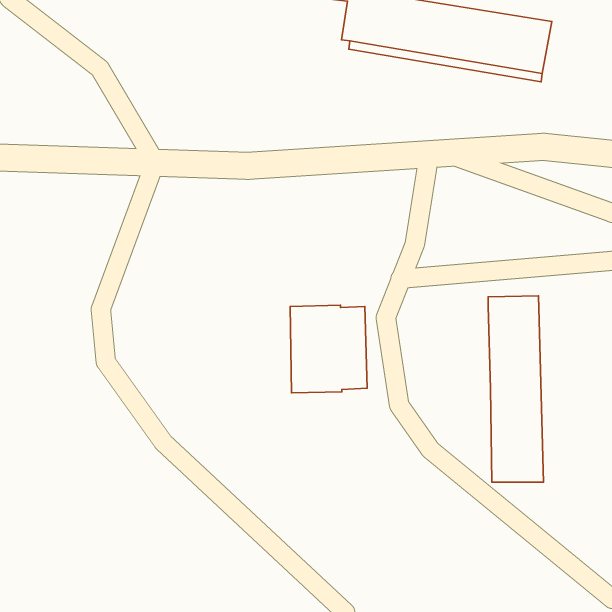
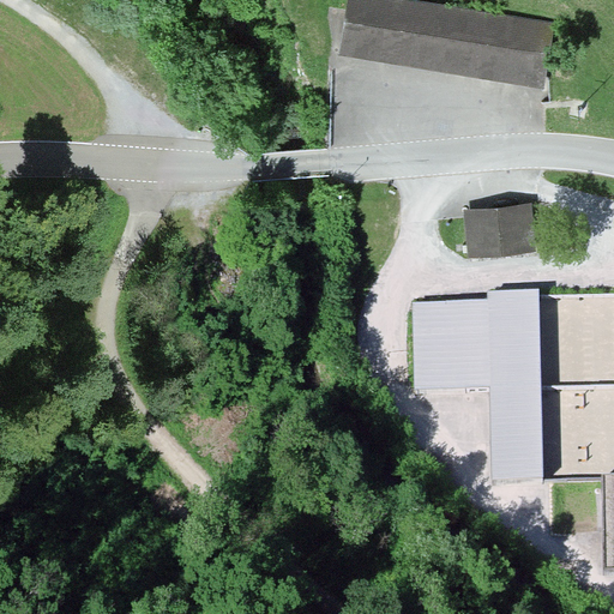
building: none -> [465,207,531,252]
building: [290,305,367,393] -> [413,305,489,392]

